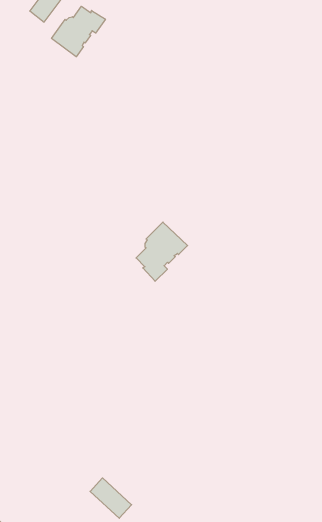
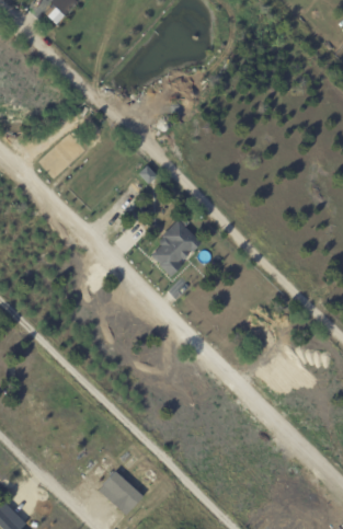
building: [52,6,105,57] -> none

